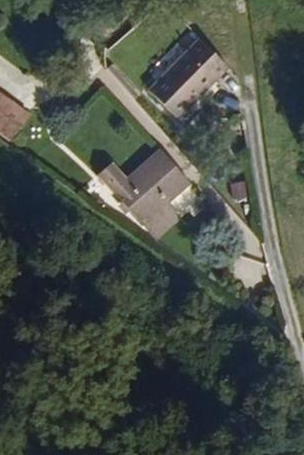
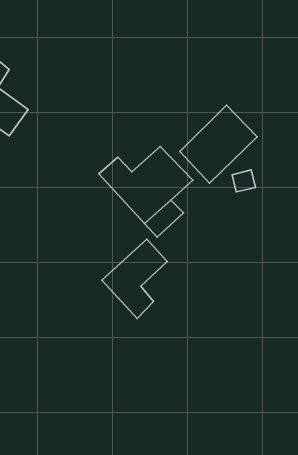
building: [148,42,222,116] -> [180,105,257,183]
building: none -> [102,239,167,319]

